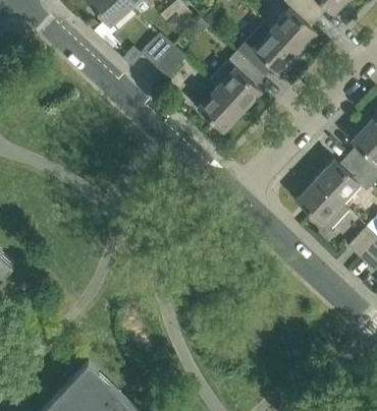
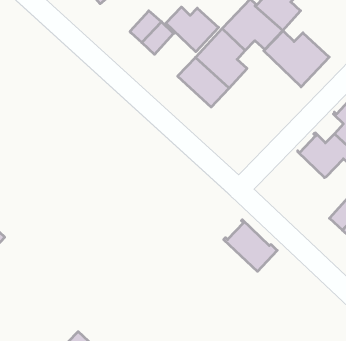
building: none -> [166,7,219,52]
building: none -> [264,31,329,87]
building: [294,178,349,231] -> [224,220,277,271]

